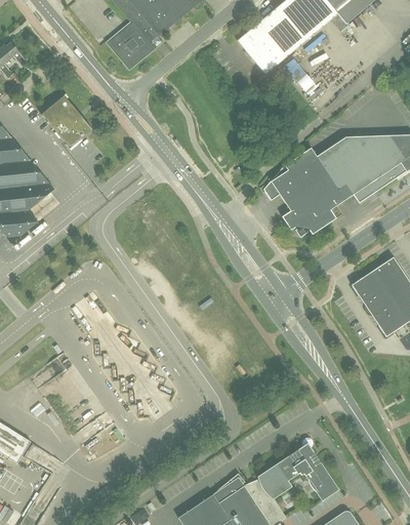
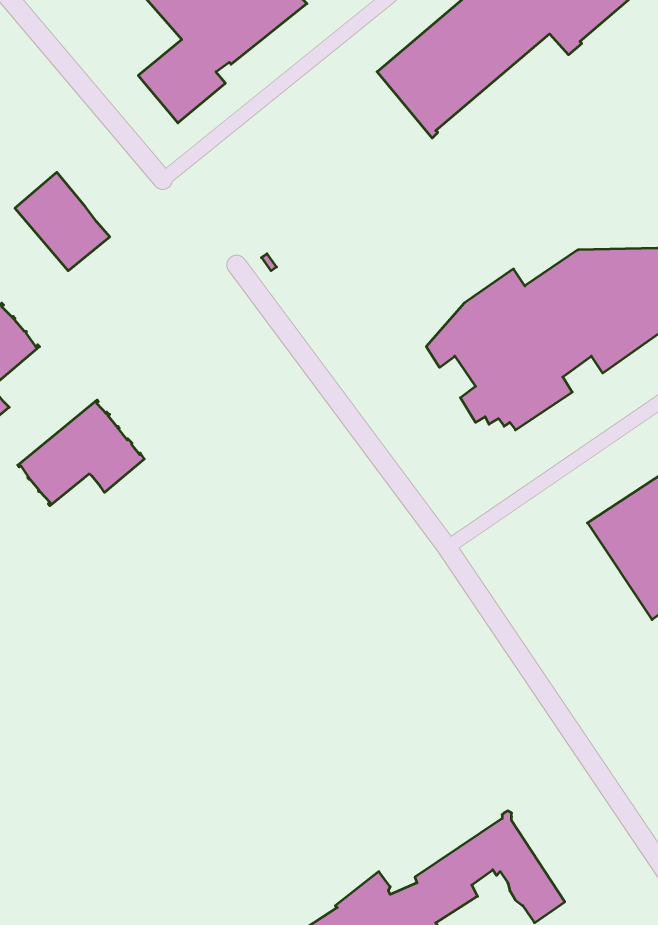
building: none -> [18,400,144,506]

